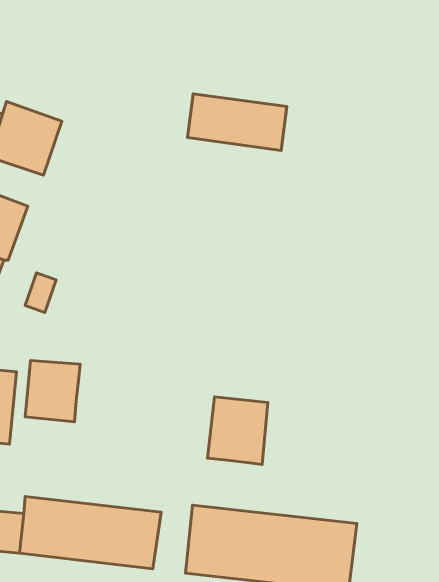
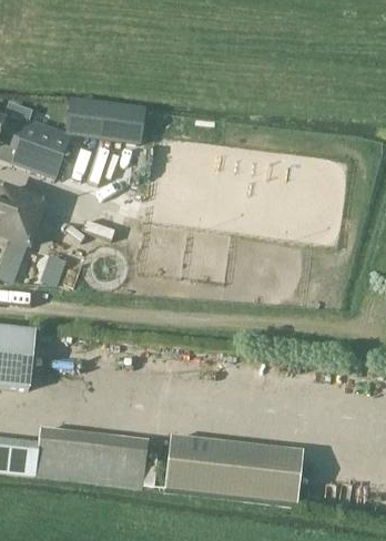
building: [188,94,287,150] -> [65,98,143,142]
building: [25,361,80,422] -> none
building: [208,397,268,464] -> none

